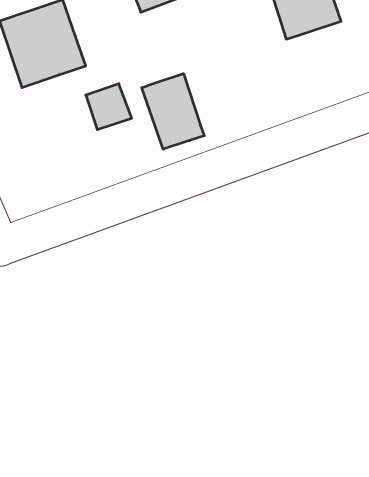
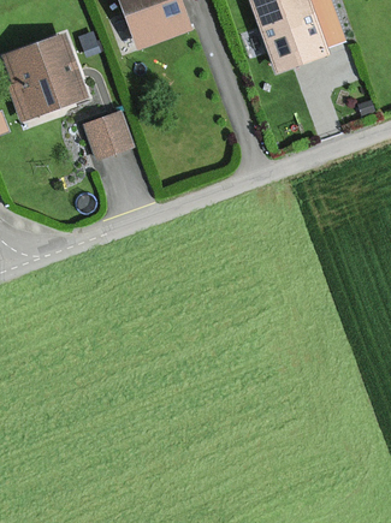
building: [142,74,204,149] -> none

